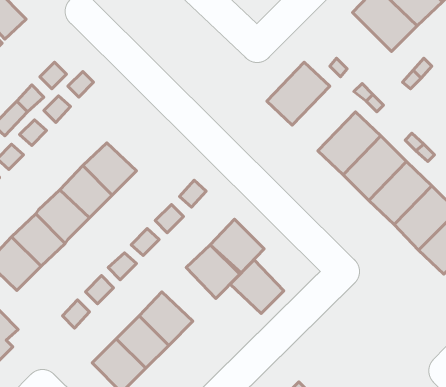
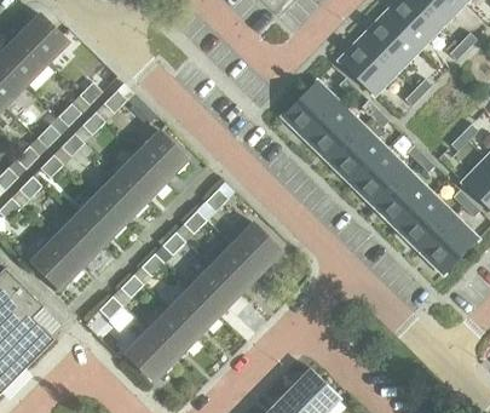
building: none -> [338,36,396,94]
building: none -> [306,103,363,161]
building: none -> [142,132,186,177]
building: [230,260,284,314] -> [189,266,237,315]

